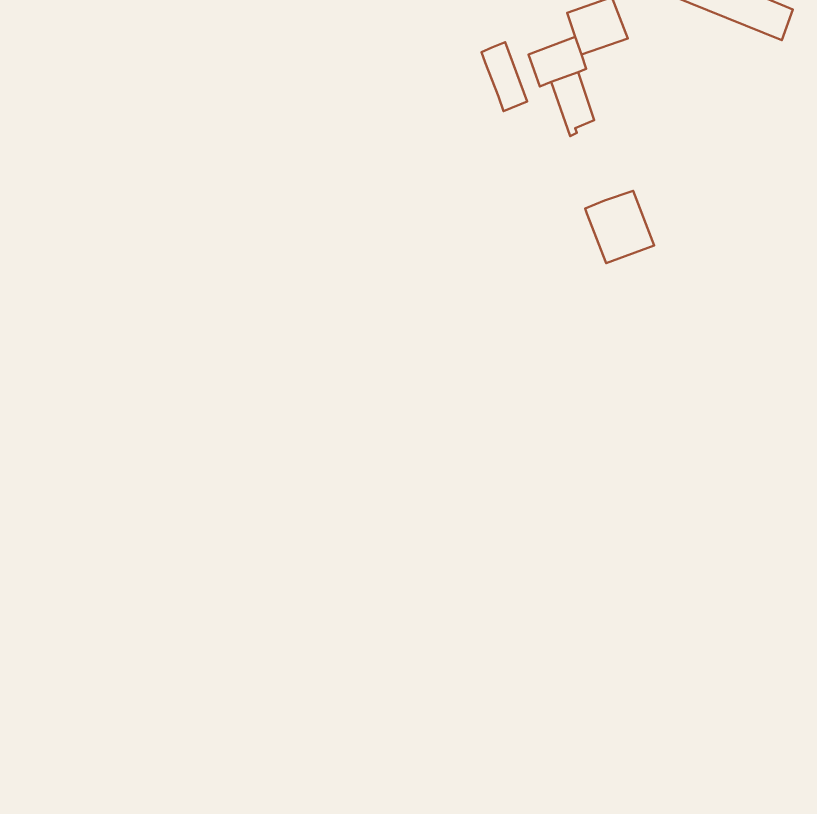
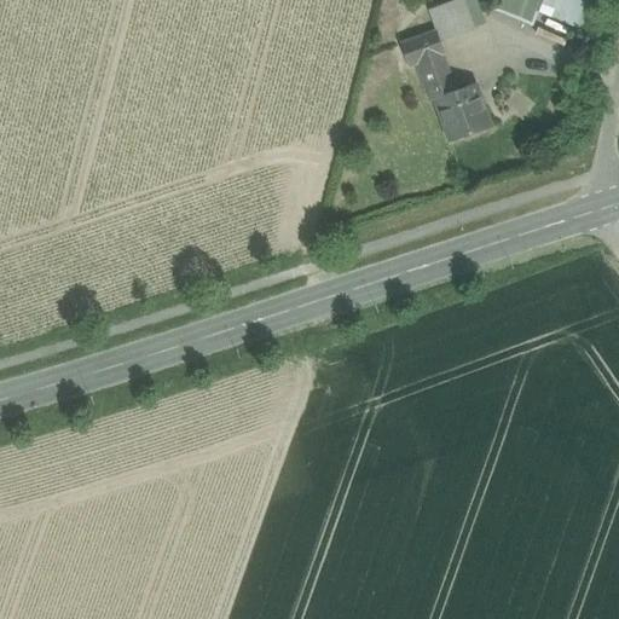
building: [481,42,527,111] -> none
building: [585,191,654,263] -> [434,83,486,138]

